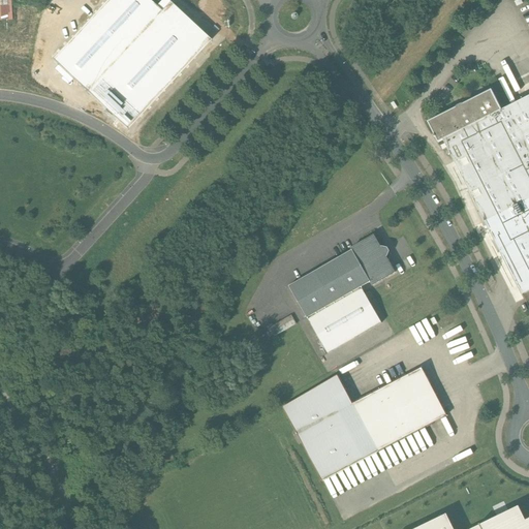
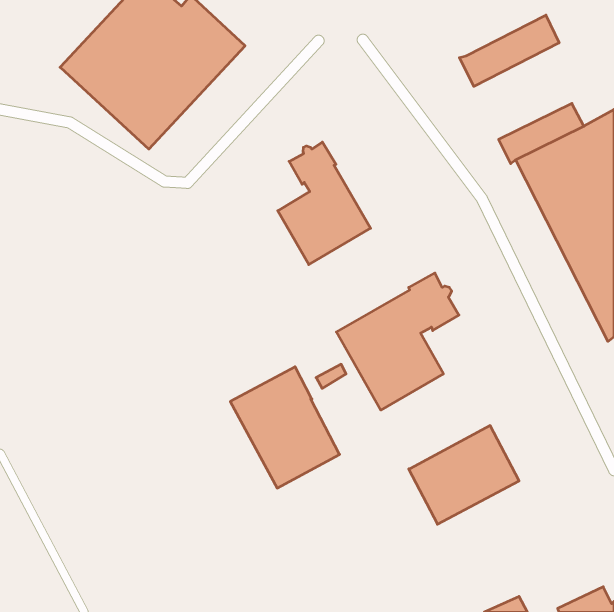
building: none -> [459,15,559,86]
building: none -> [278,142,371,265]
building: [282,375,376,479] -> [230,367,340,488]

